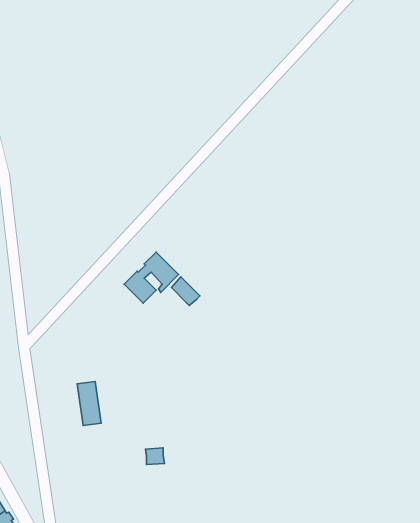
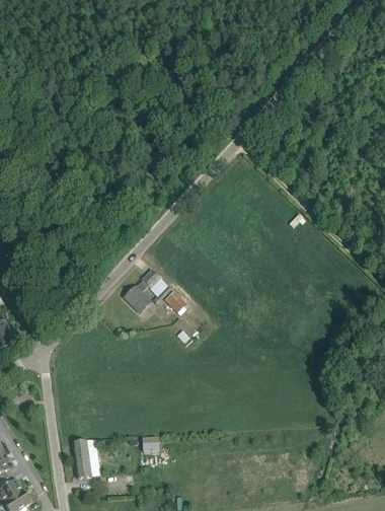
building: [77,382,101,425] -> [71,440,91,478]

